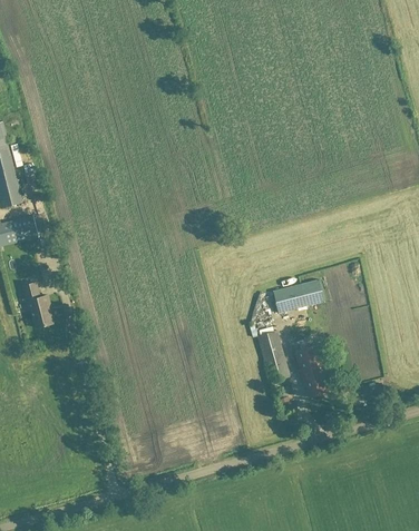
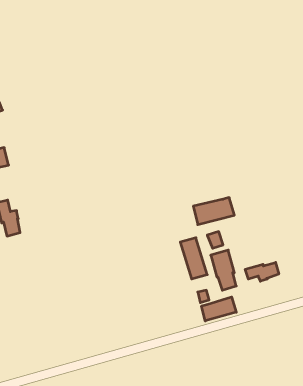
building: none -> [245,262,279,281]
building: none -> [202,297,236,321]

